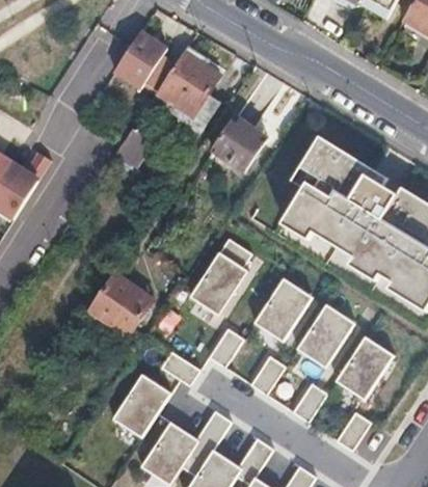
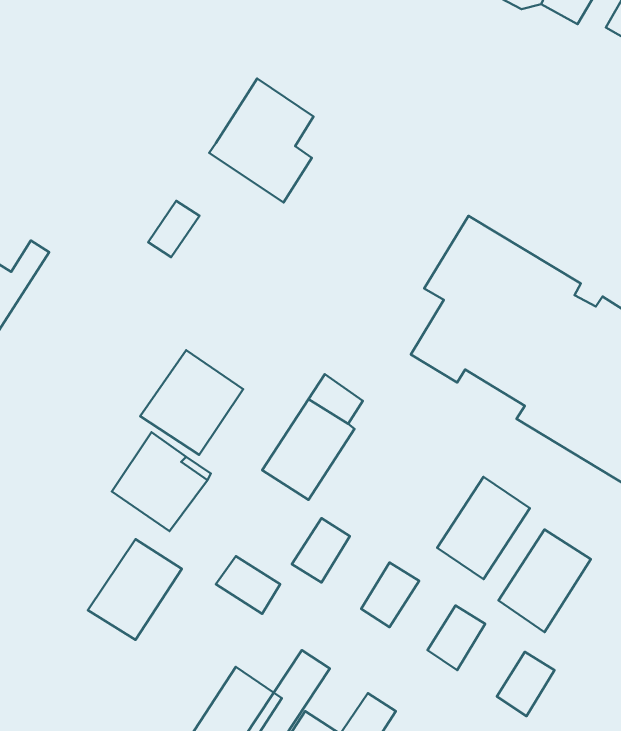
building: [116,31,177,91] -> none
building: [211,115,267,171] -> none
building: none -> [140,350,243,455]
building: [255,277,313,341] -> none
building: [111,373,170,436] -> [88,539,182,640]

